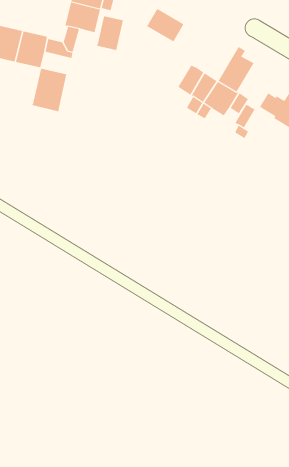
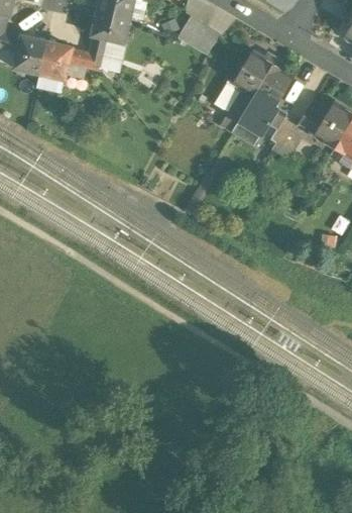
building: [96,16,123,51] -> none
building: none -> [233,52,276,96]
building: [31,68,67,112] -> none

